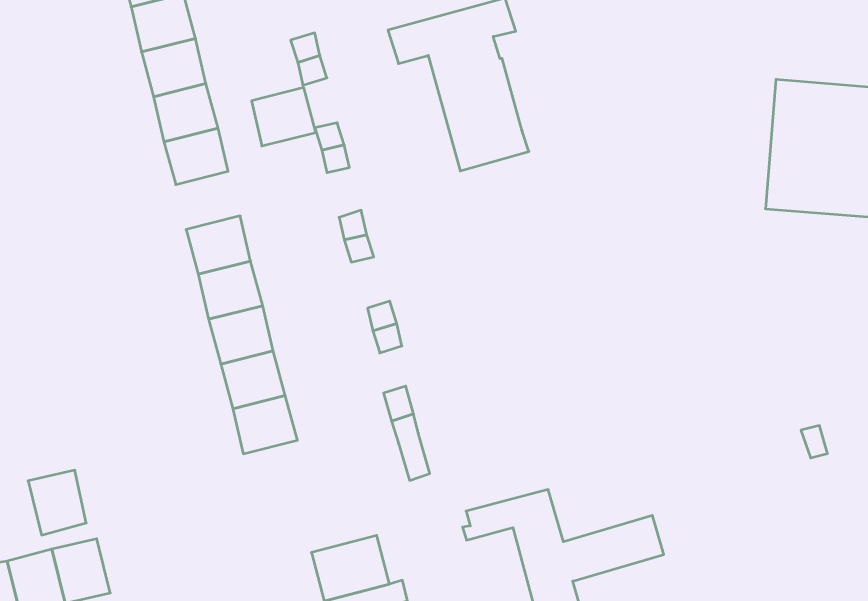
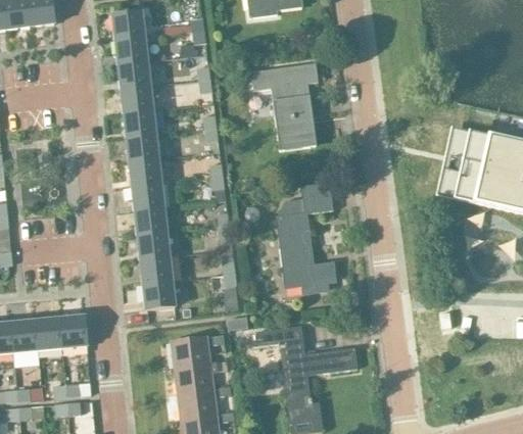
building: [252,88,316,146] -> [128,134,159,161]
building: none -> [276,182,341,292]
building: none -> [143,281,175,308]
building: [28,470,86,535] -> [59,316,87,347]

